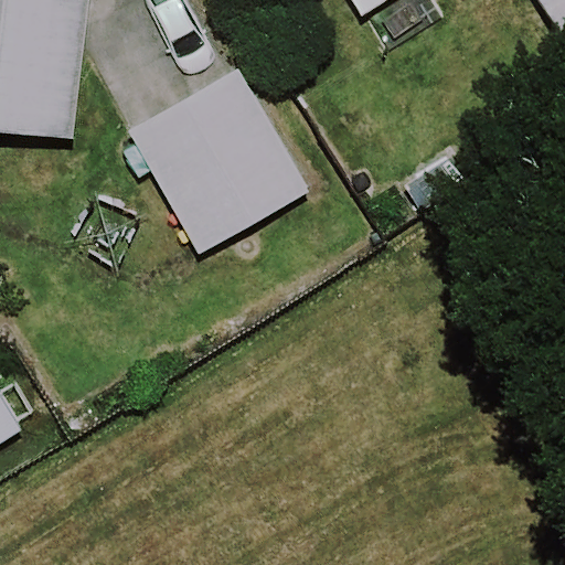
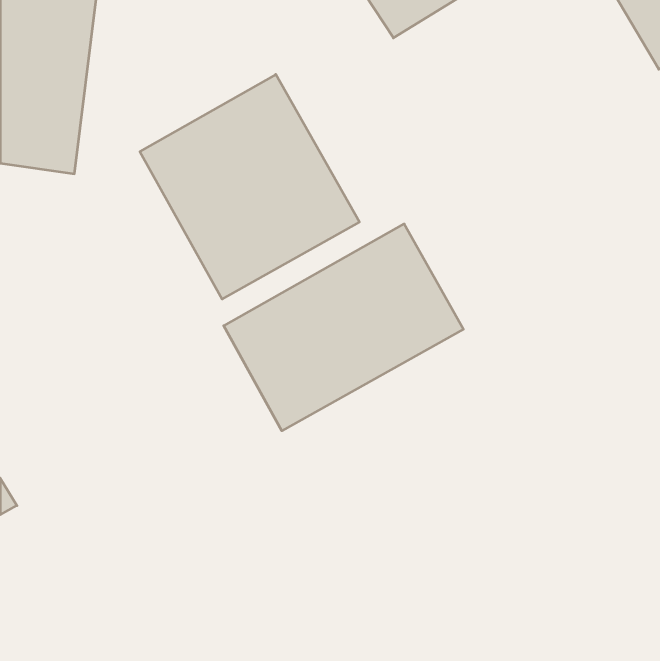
building: none -> [224,224,463,431]

